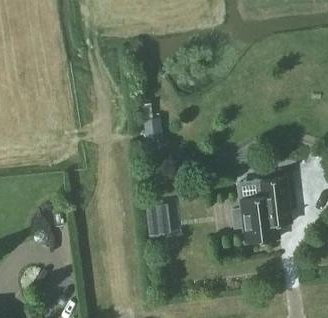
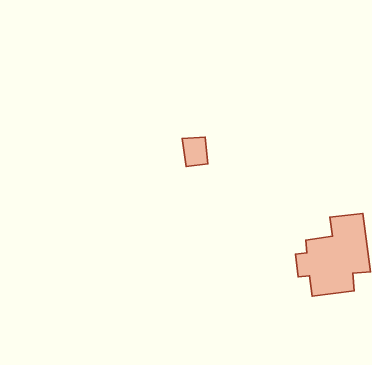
building: [147,204,170,236] -> none

